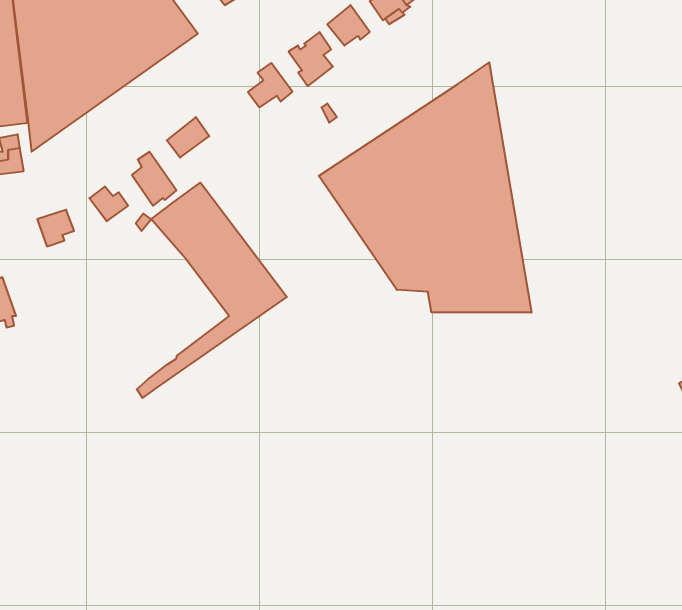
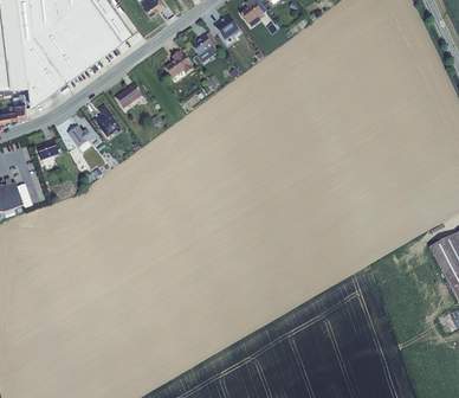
building: [319,62,531,313] -> none
building: [137,183,287,398] -> none

